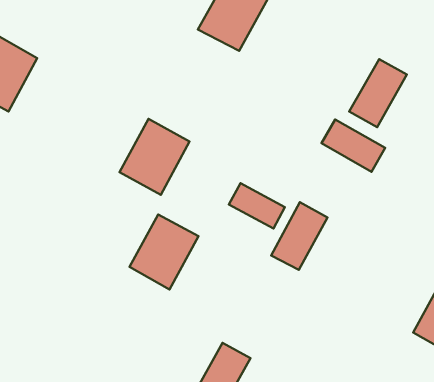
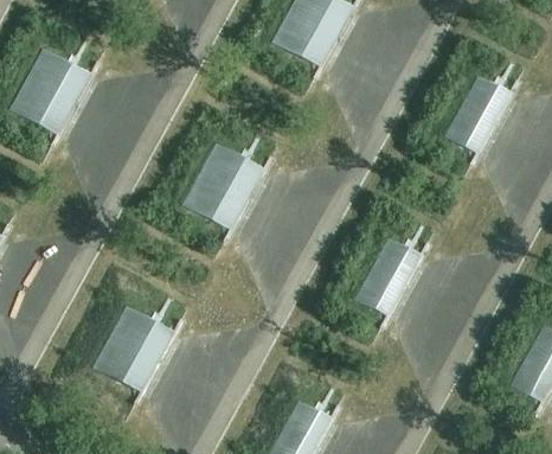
building: [321,120,385,172] -> none
building: [229,183,285,228] -> none
building: [129,215,198,290] -> [91,305,171,391]

